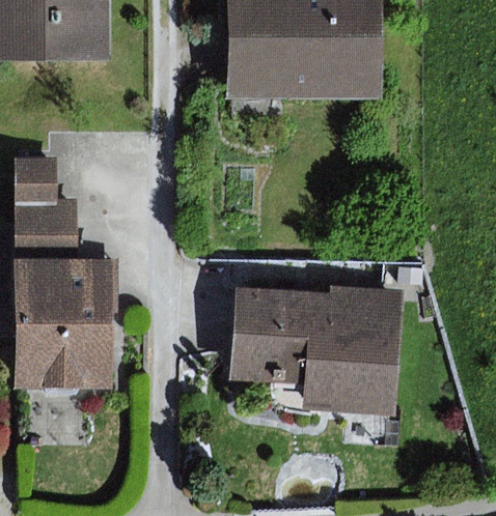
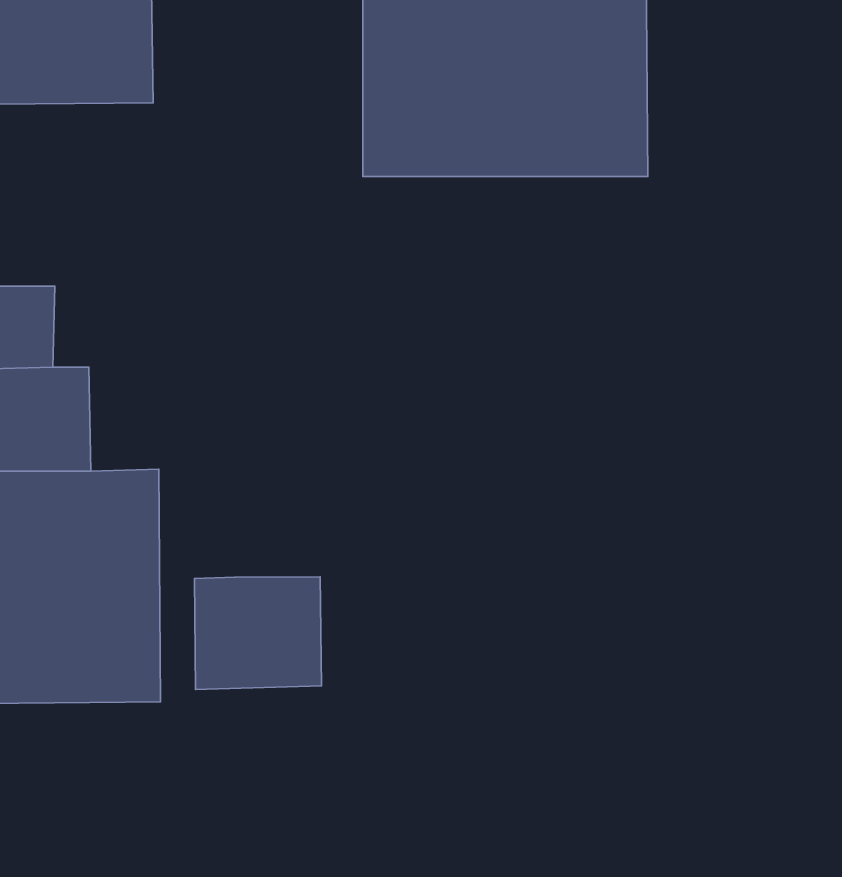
building: [232,284,402,412] -> none
building: none -> [194,577,321,689]

